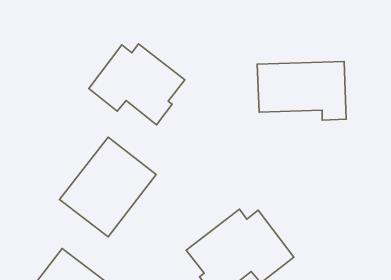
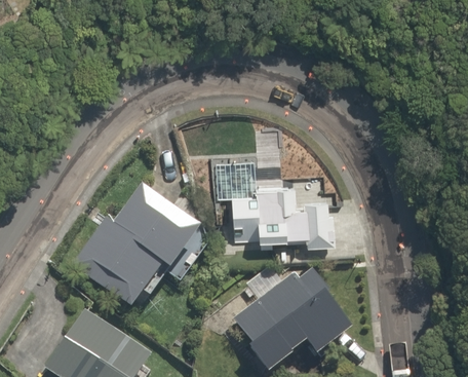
building: [89,44,185,125] -> none
building: [257,61,346,120] -> [231,177,334,244]

